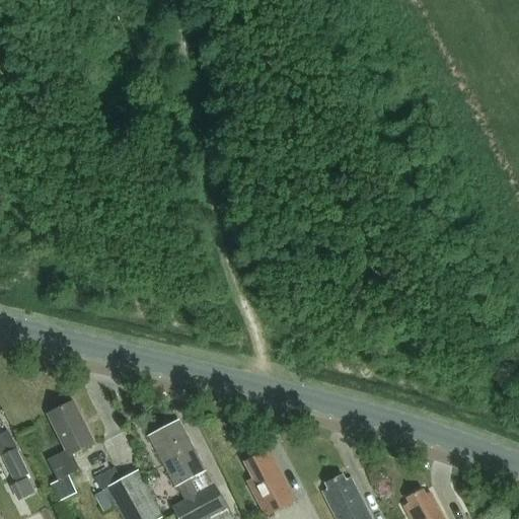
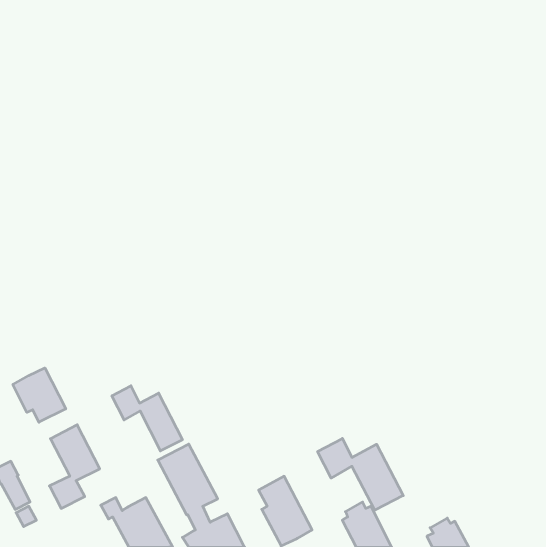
building: none -> [13,368,66,422]
building: none -> [112,386,182,451]
building: none -> [318,438,403,510]

